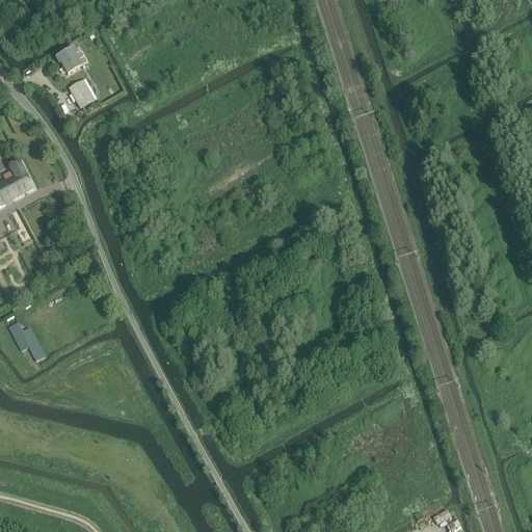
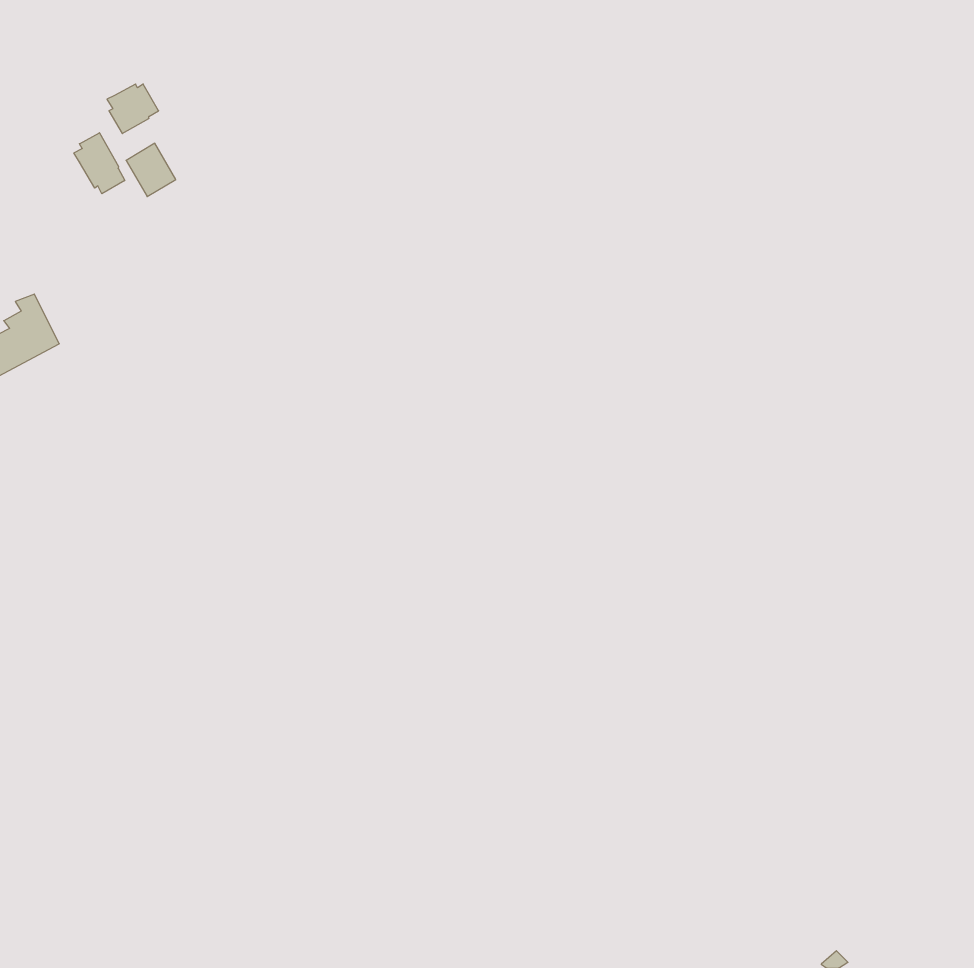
building: none -> [74,133,125,194]
building: [8,320,44,360] -> none

